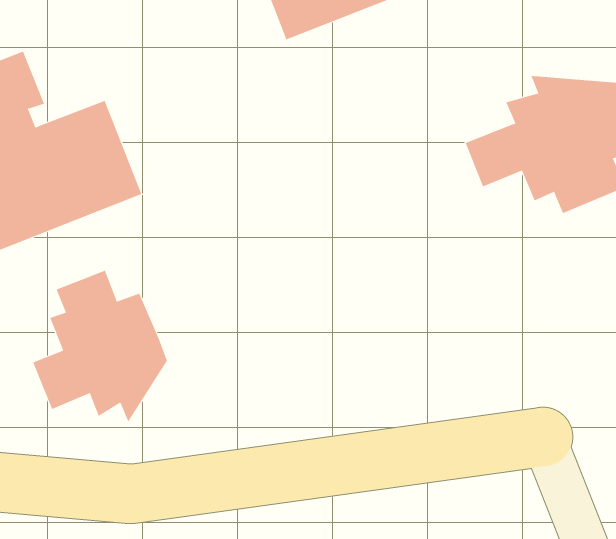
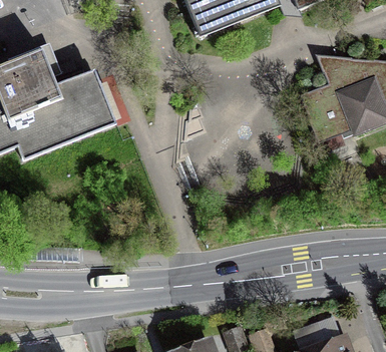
building: [32,270,168,423] -> none

